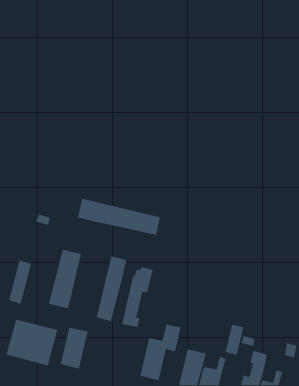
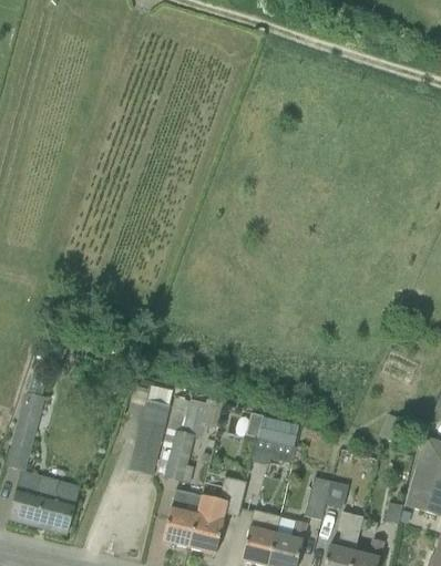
building: [77,198,161,236] -> none
building: [48,249,82,309] -> none
building: none -> [258,416,299,464]
building: [60,327,89,369] -> [163,491,202,548]

